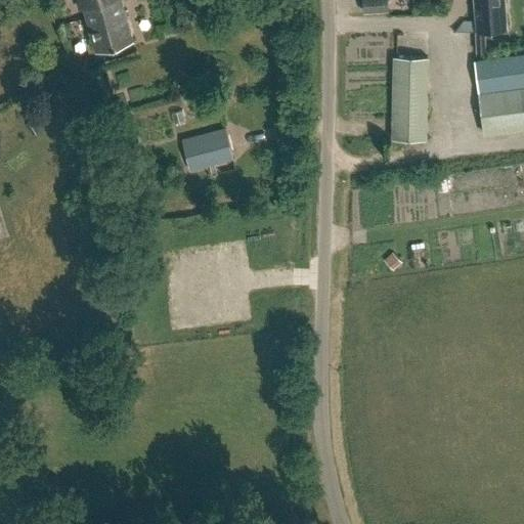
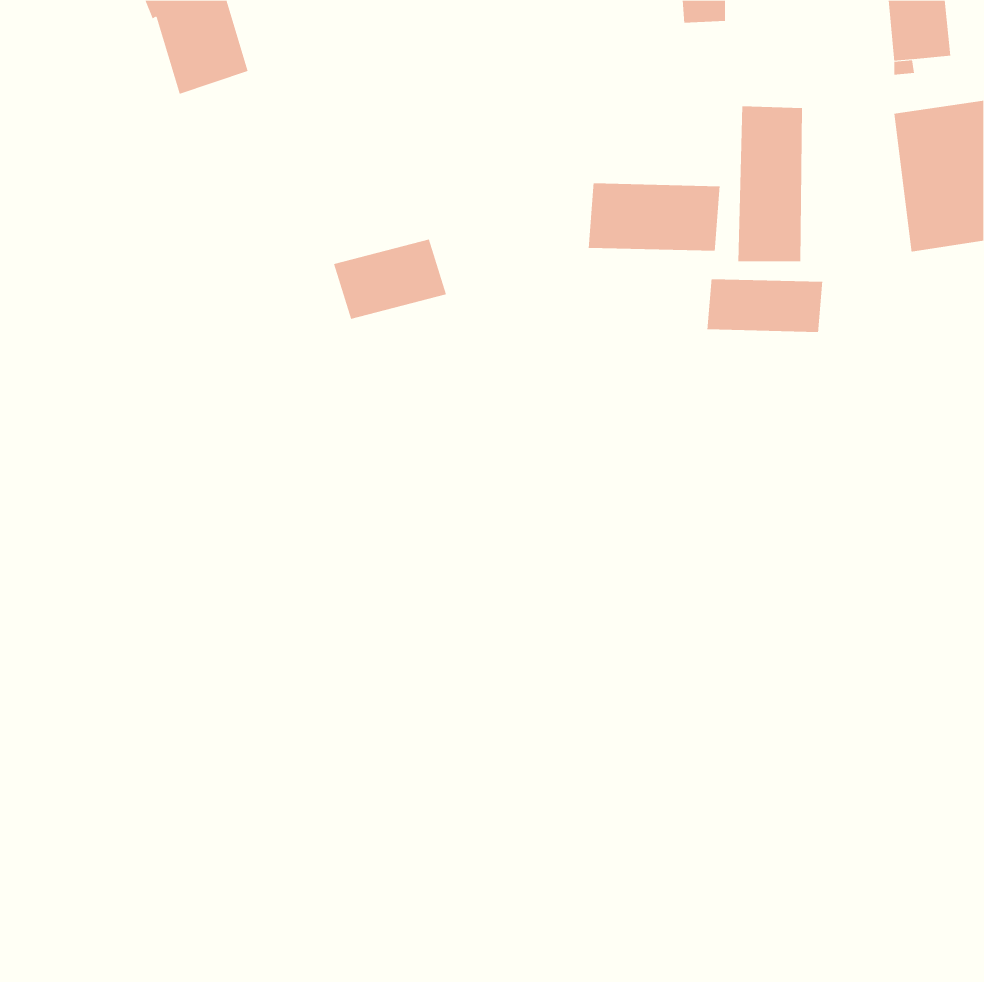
building: none -> [588,183,720,252]
building: none -> [707,278,823,333]

